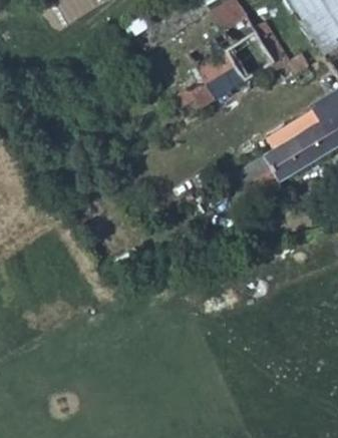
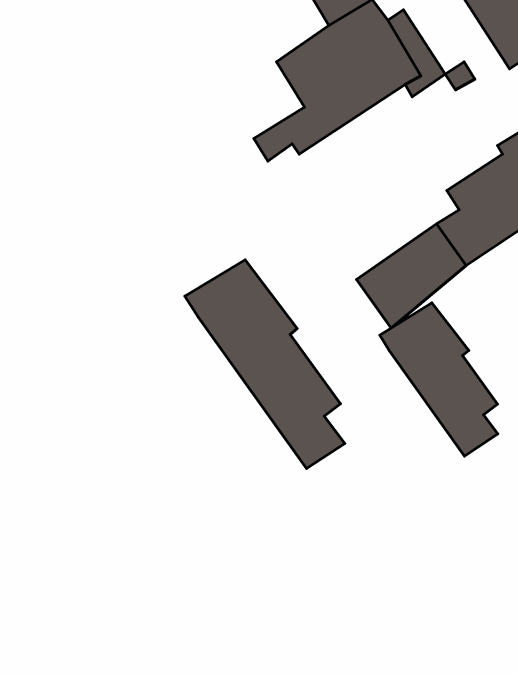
building: none -> [185,260,345,469]
building: none -> [380,303,498,456]

